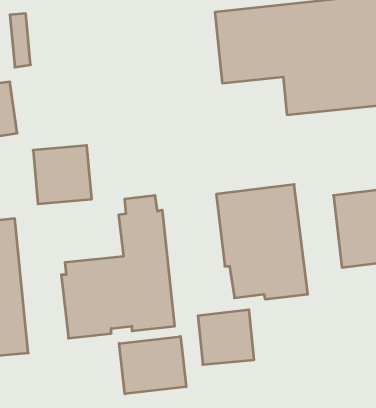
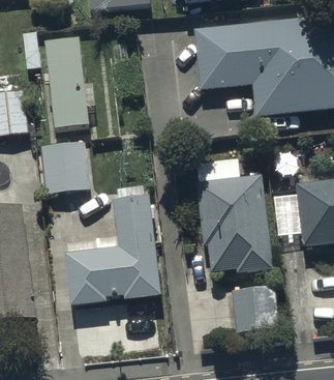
building: none -> [42,35,86,126]
building: [198,310,254,365] -> [232,285,279,331]
building: [119,336,186,394] -> none

